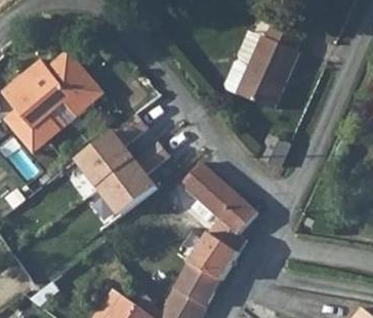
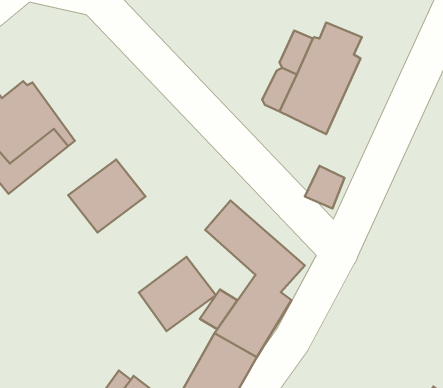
building: [47,56,102,116] -> none
building: [97,159,157,216] -> [139,257,216,331]

